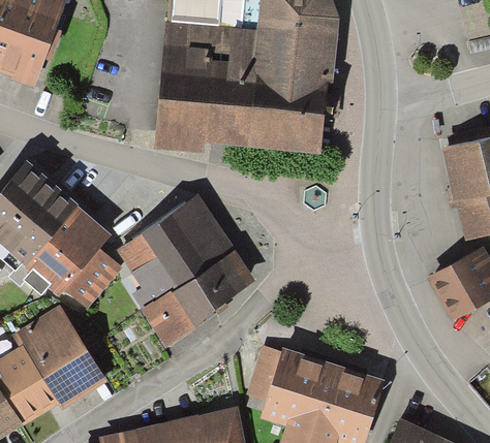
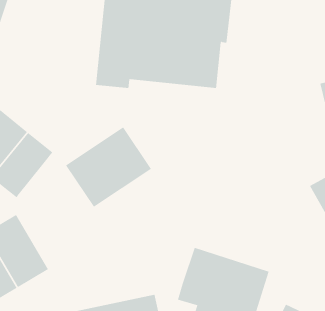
building: [60,246,118,307] -> none
building: [145,252,251,340] -> none
building: [249,346,284,399] -> none

